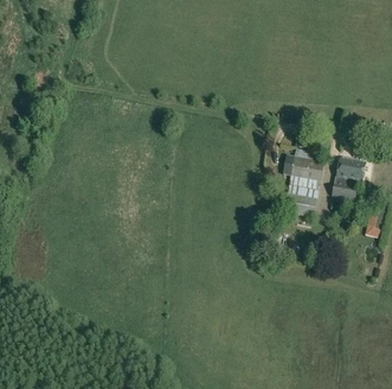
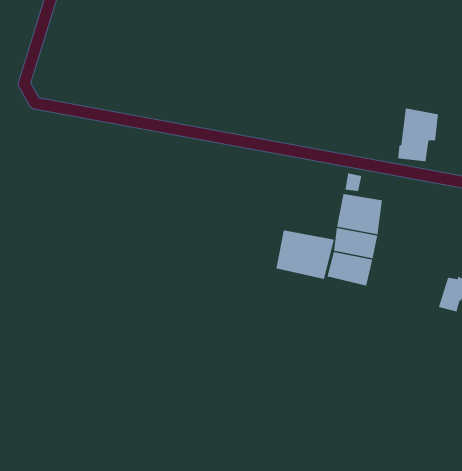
building: [332,158,362,198] -> [397,107,439,162]
building: none -> [275,229,335,280]

